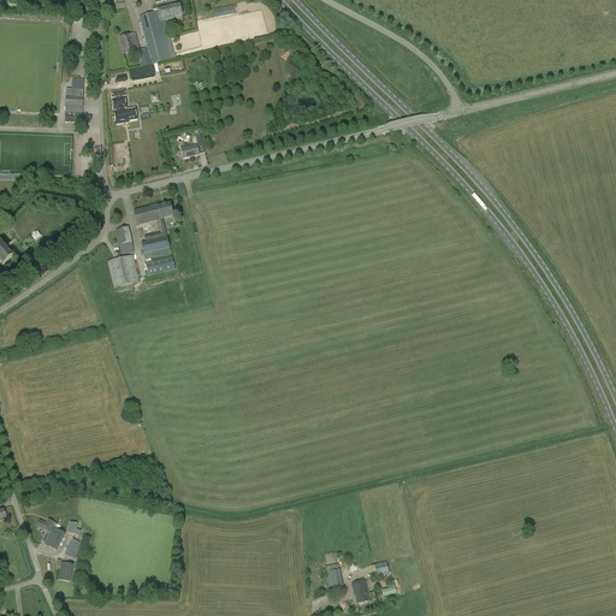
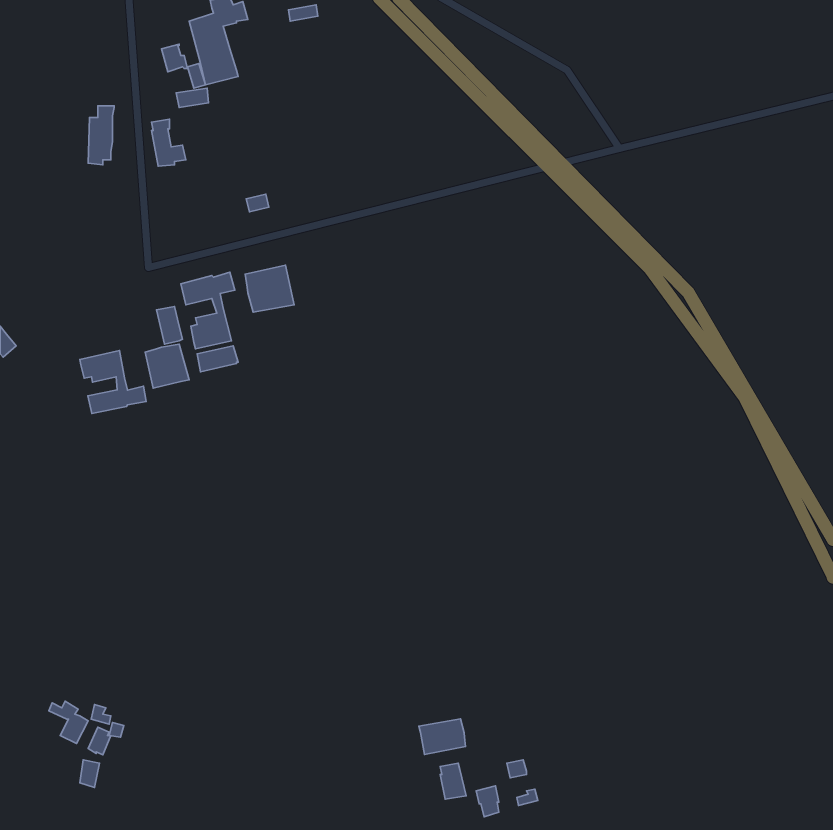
building: none -> [245,265,294,312]
building: none -> [80,351,146,413]
building: none -> [419,719,466,755]

